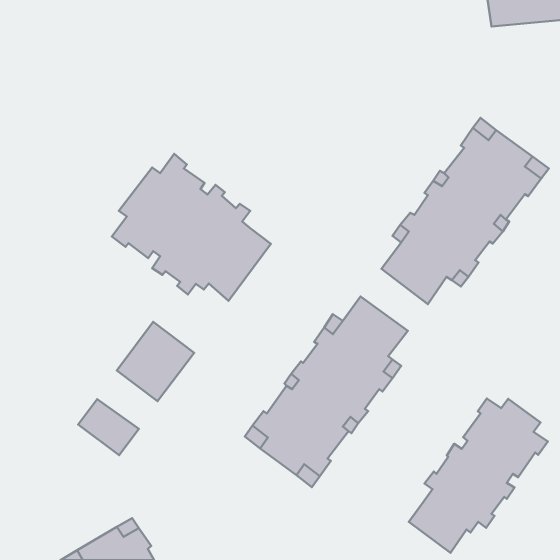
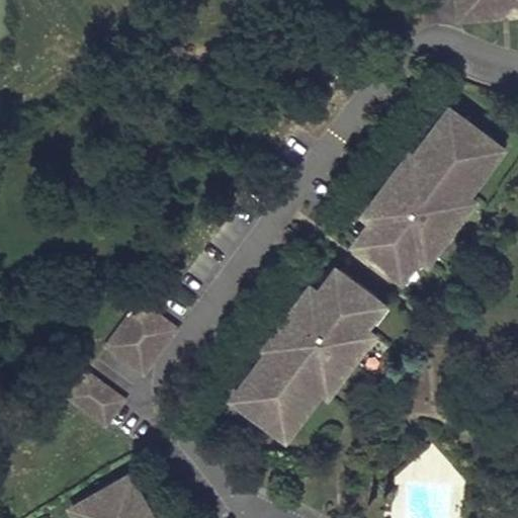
building: [112,154,271,301] -> none
building: [409,398,548,553] -> none

